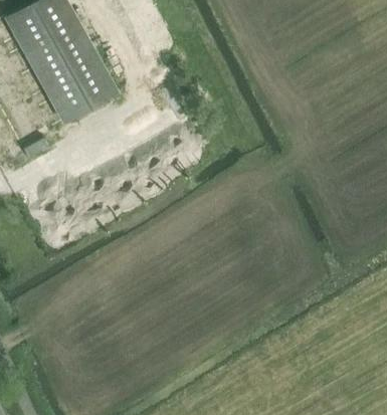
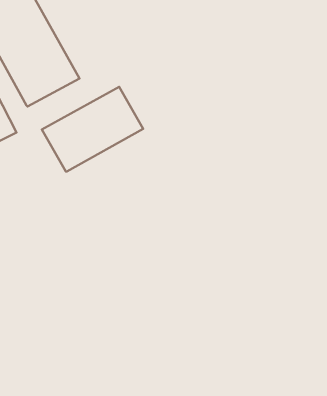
building: none -> [42,87,143,172]

